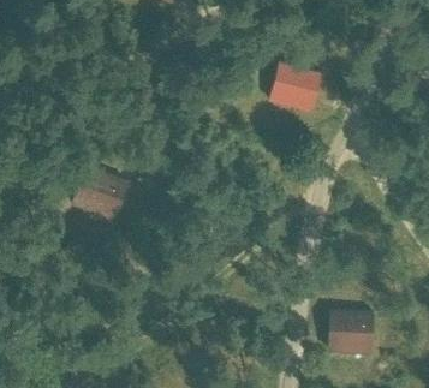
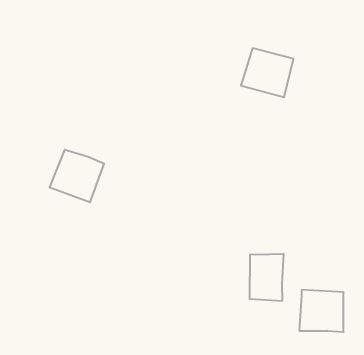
building: none -> [250,254,283,301]

